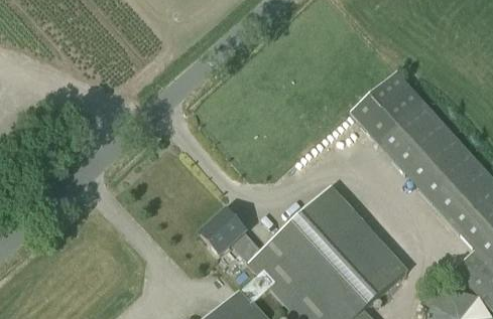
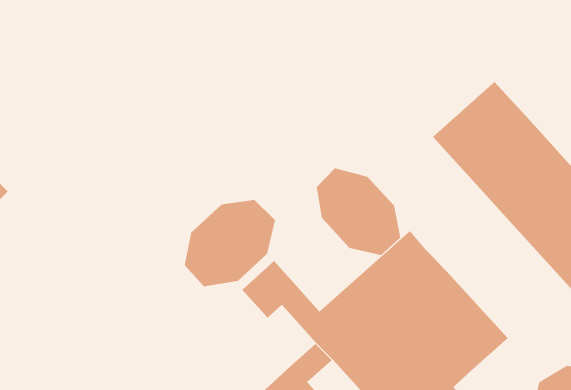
building: none -> [316,167,401,256]
building: none -> [184,199,276,287]

